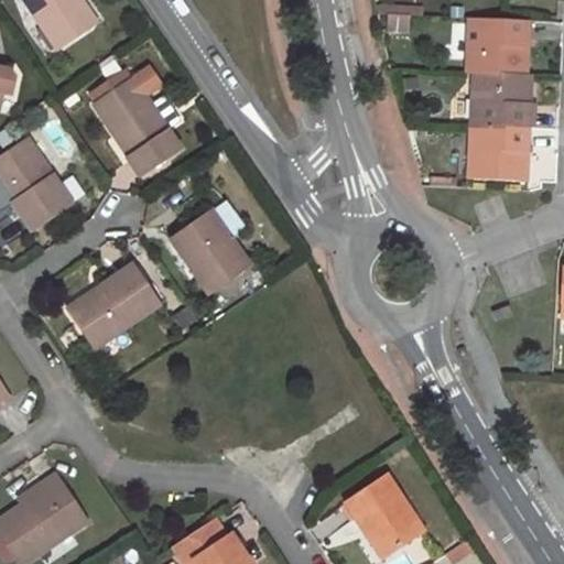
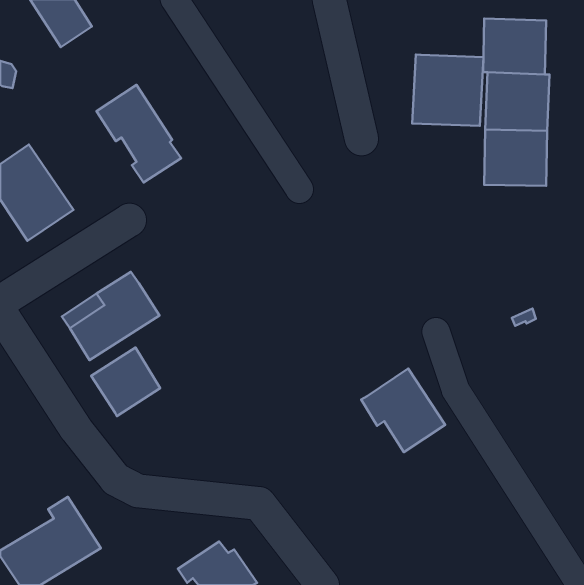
building: none -> [412,55,483,126]
building: [171,207,249,292] -> none
building: none -> [91,347,160,416]
building: [344,477,424,557] -> [361,369,445,452]

